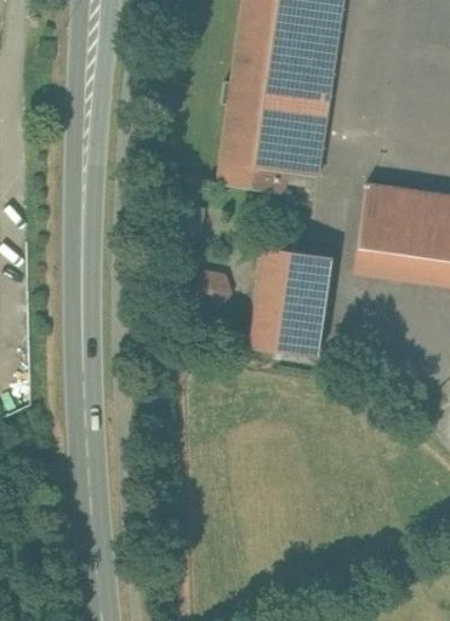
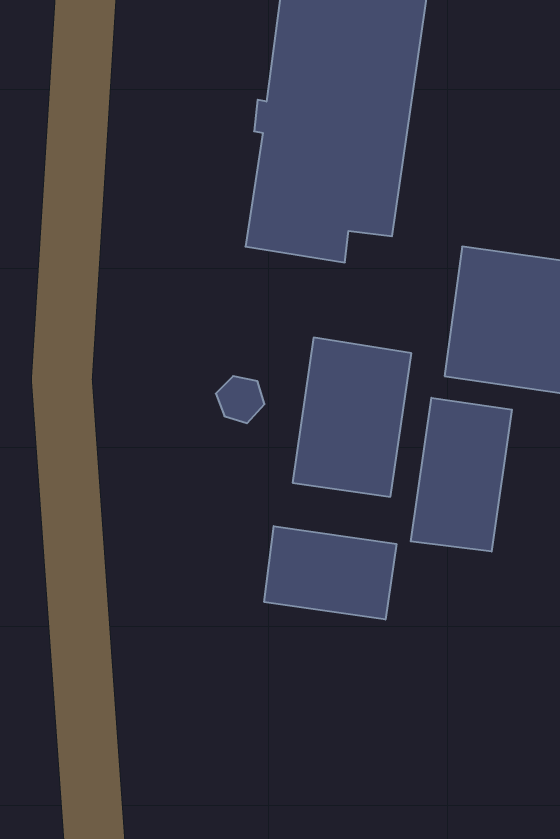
building: none -> [411,398,512,552]
building: none -> [264,526,396,620]

